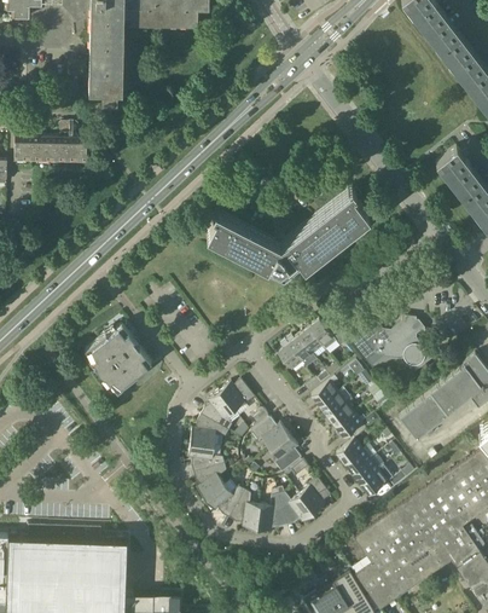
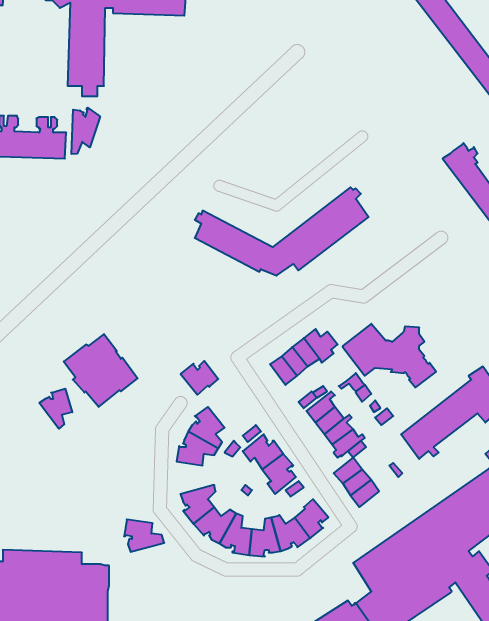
building: none -> [72,108,100,154]
building: none -> [39,389,72,429]
building: [219,381,254,412] -> [181,361,218,395]
building: [187,444,225,474] -> [124,519,164,552]
building: [360,468,406,496] -> none

